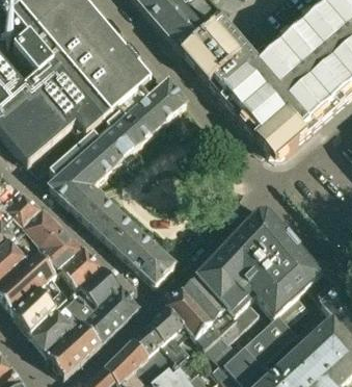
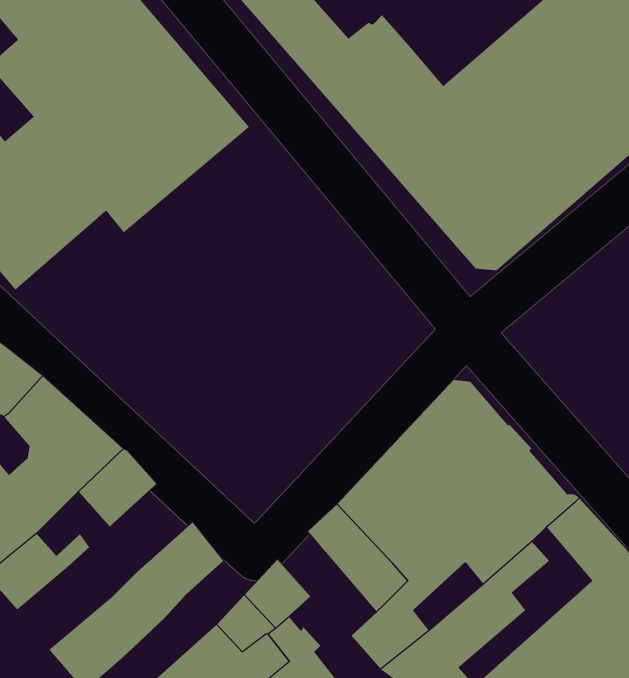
building: [49,80,187,284] -> none
building: [80,265,121,305] -> none
building: [166,289,218,345] -> none
building: [29,295,92,353] -> none

